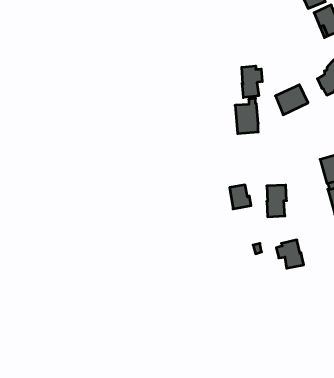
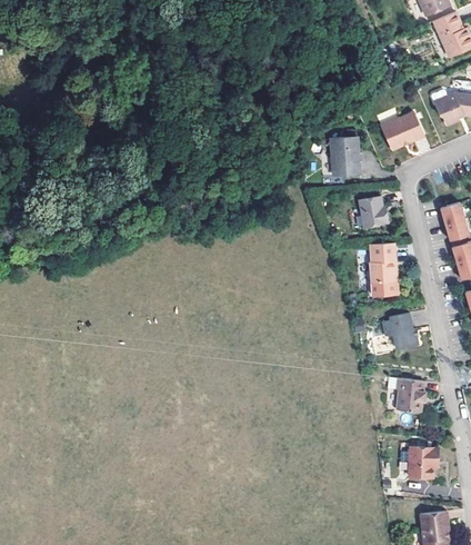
building: [242,66,262,98] -> none
building: [230,185,251,209] -> [361,197,389,228]
building: none -> [398,378,427,412]
building: none -> [410,446,440,476]

